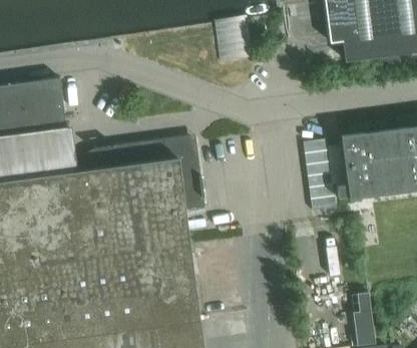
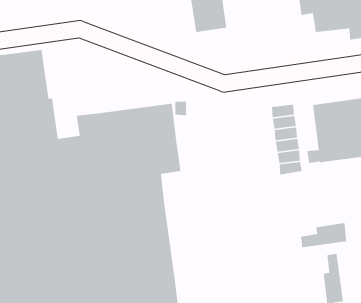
building: none -> [300,222,347,248]

